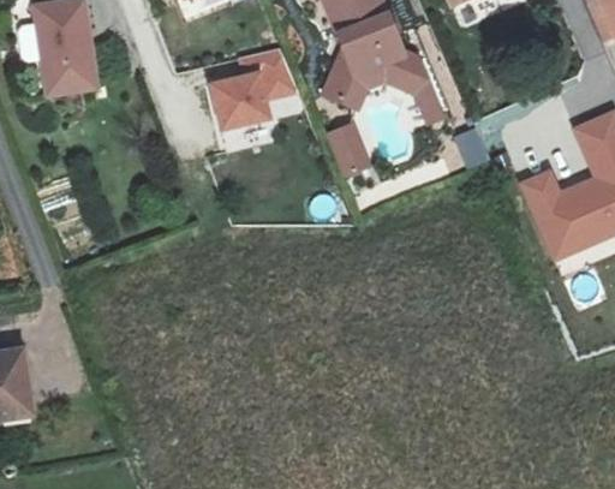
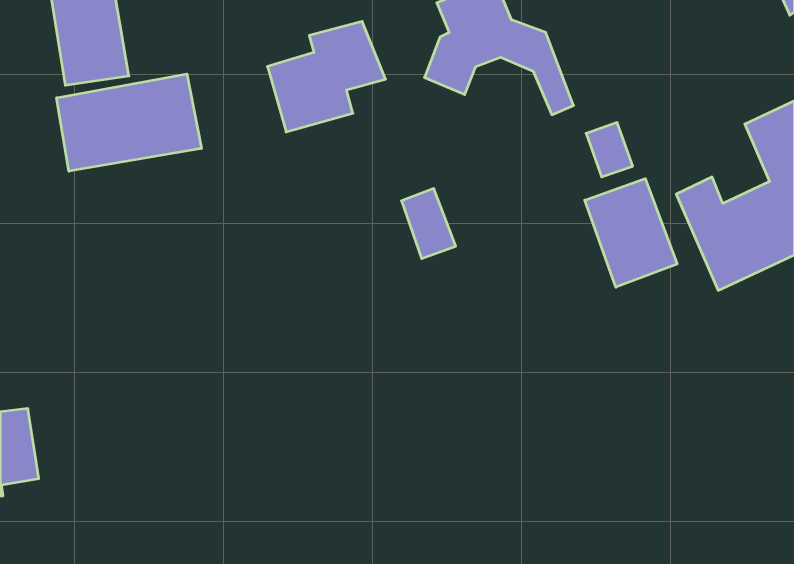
building: none -> [57,74,201,171]
building: [329,123,371,177] -> [401,189,456,259]
building: none -> [585,179,677,287]

